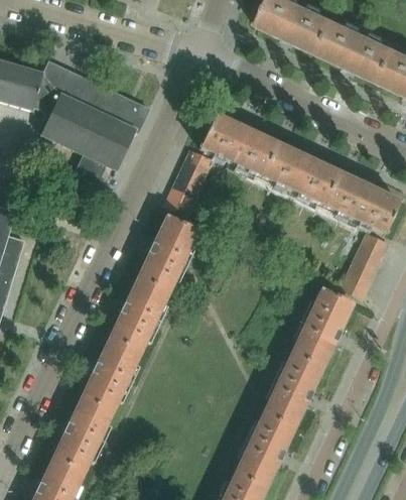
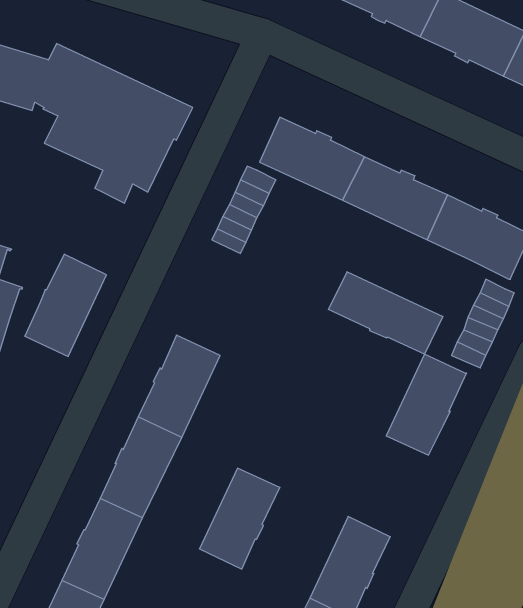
building: [138,215,198,290] -> [25,254,106,356]
building: none -> [329,272,443,354]
building: [265,350,324,424] -> [199,468,280,569]

